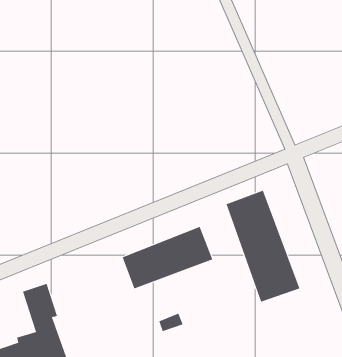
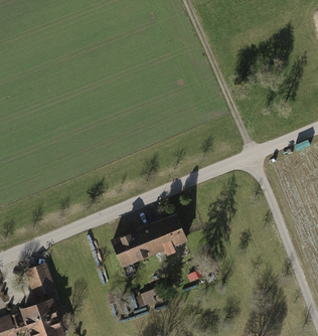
building: [226,190,300,303] -> none

